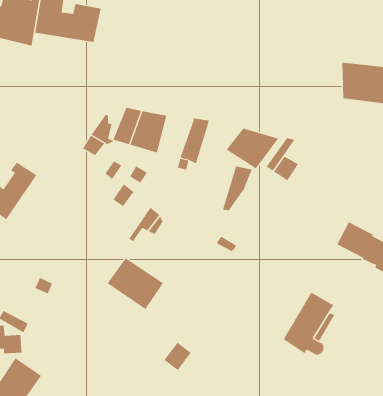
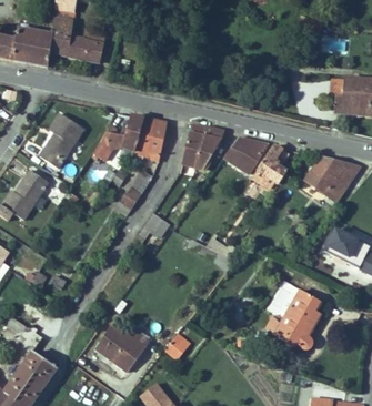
building: none -> [41,115,86,169]
building: none -> [302,159,350,204]
building: [222,166,253,211] -> [195,132,223,173]
building: [107,258,164,310] -> [93,326,145,374]

